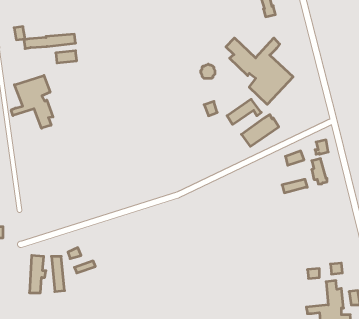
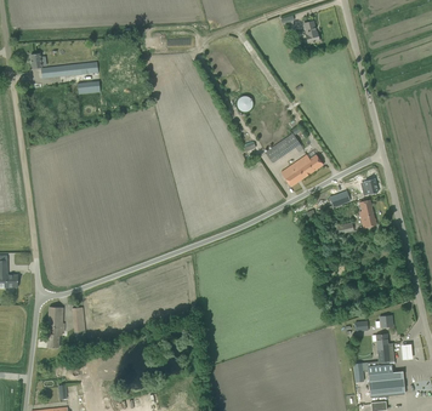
building: [226,38,293,104] -> none
building: [11,75,53,128] -> none

